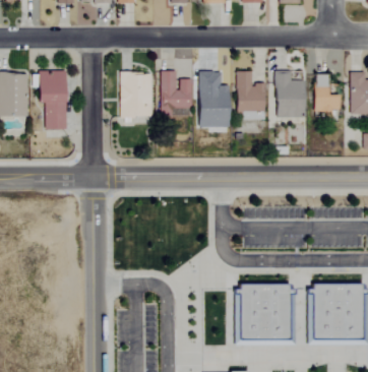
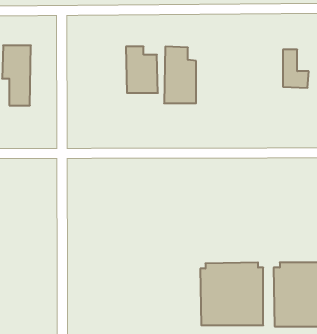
building: [237,71,266,119] -> none
building: [275,71,306,118] -> none
building: [120,72,152,117] -> none

